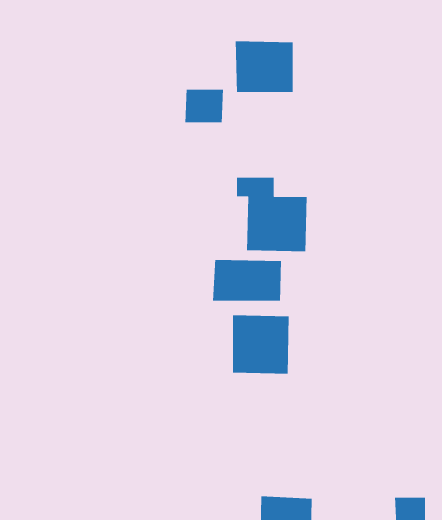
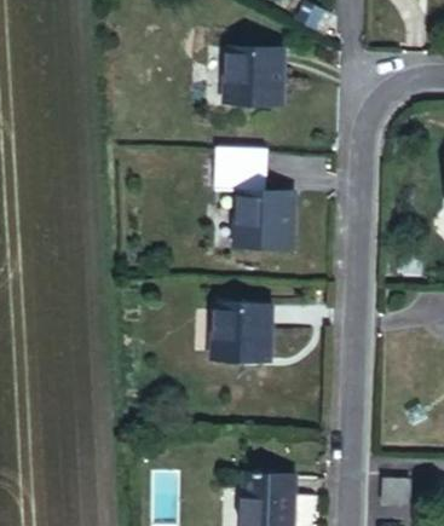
building: [184,89,224,123] -> [226,143,264,175]
building: [212,259,282,302] -> none

